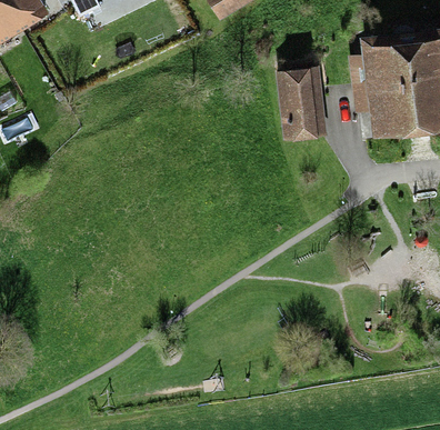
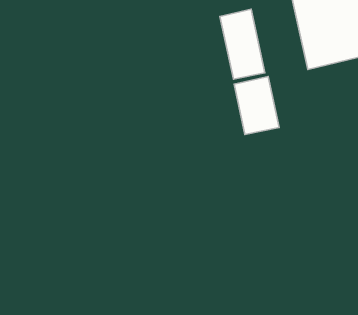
building: none -> [234,77,279,134]

